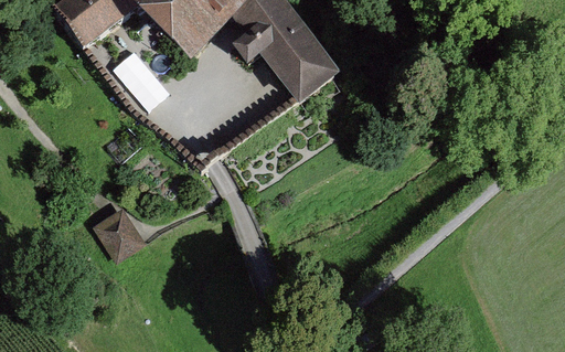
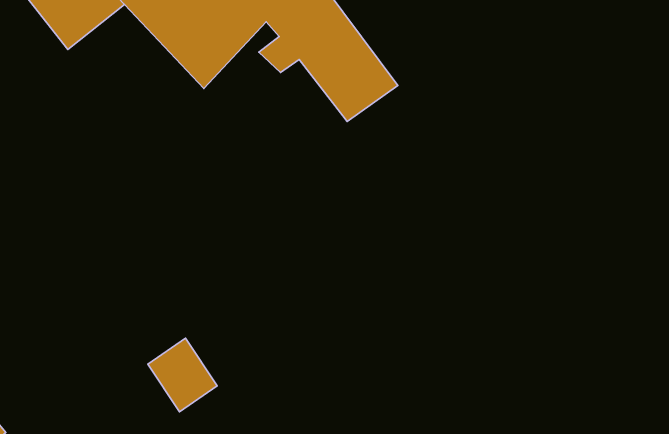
building: [92,201,145,257] -> [148,338,217,412]

